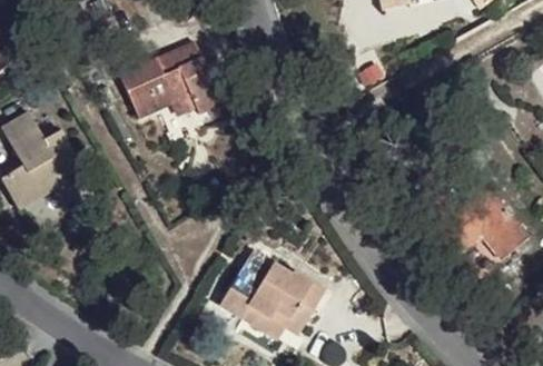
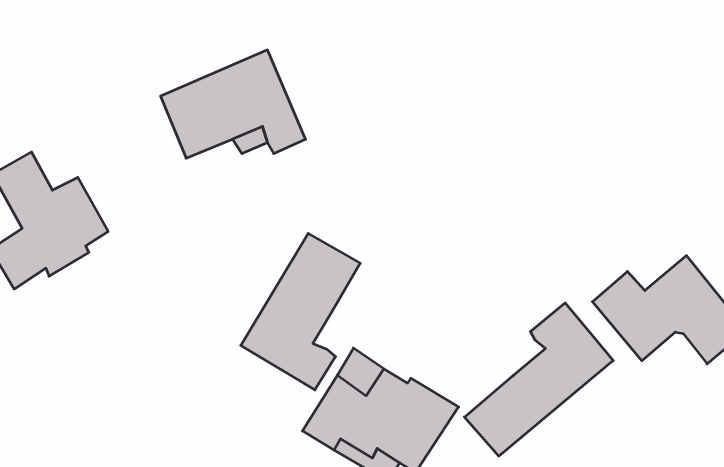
building: none -> [241,233,360,390]
building: none -> [464,303,613,456]

